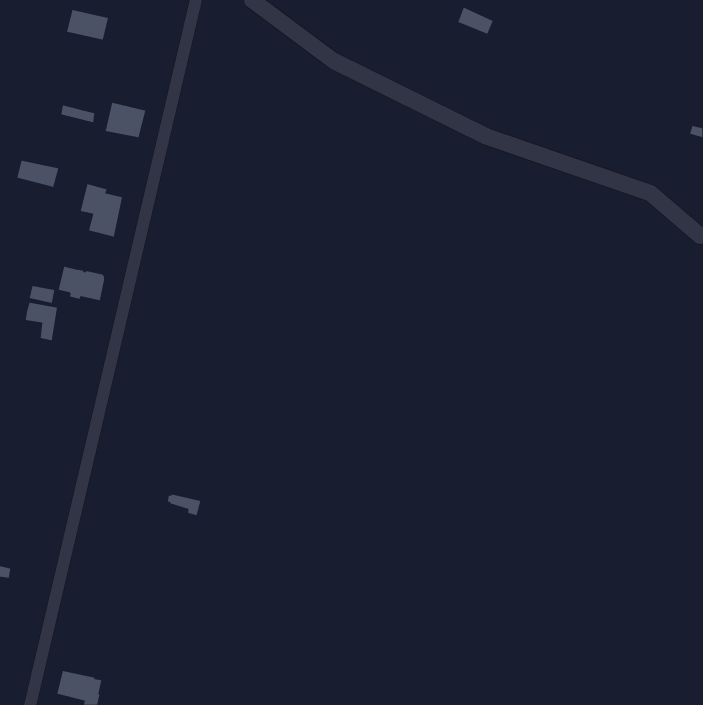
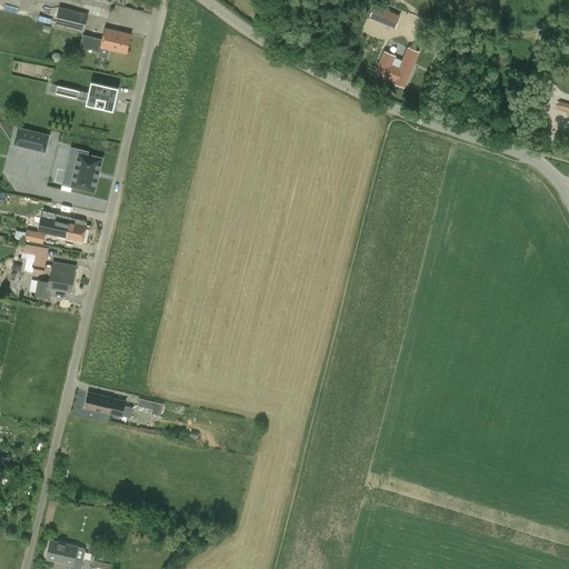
building: none -> [79,29,130,59]
building: none -> [375,52,411,84]
building: none -> [33,263,73,299]
building: none -> [84,392,124,418]

